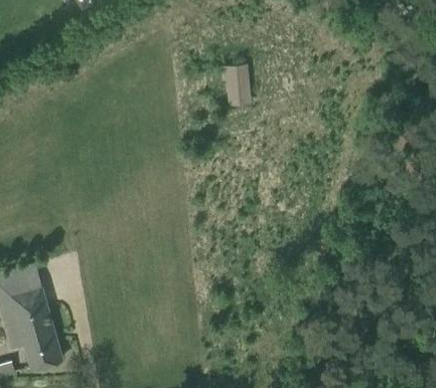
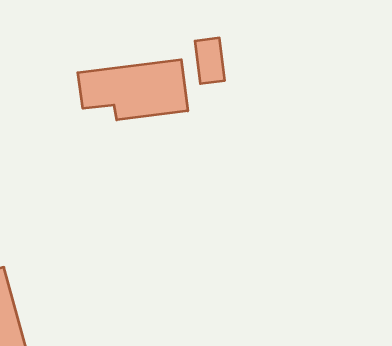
building: none -> [78,60,188,120]

